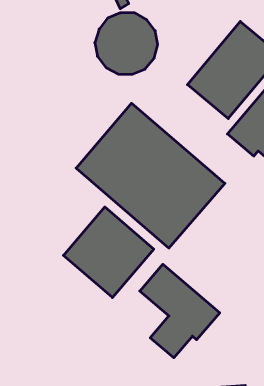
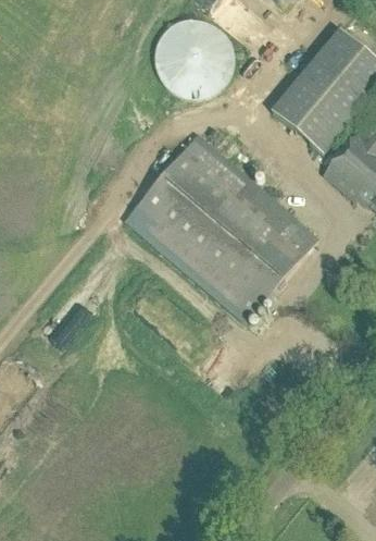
building: [63,207,154,298] -> none
building: [140,264,220,358] -> none

